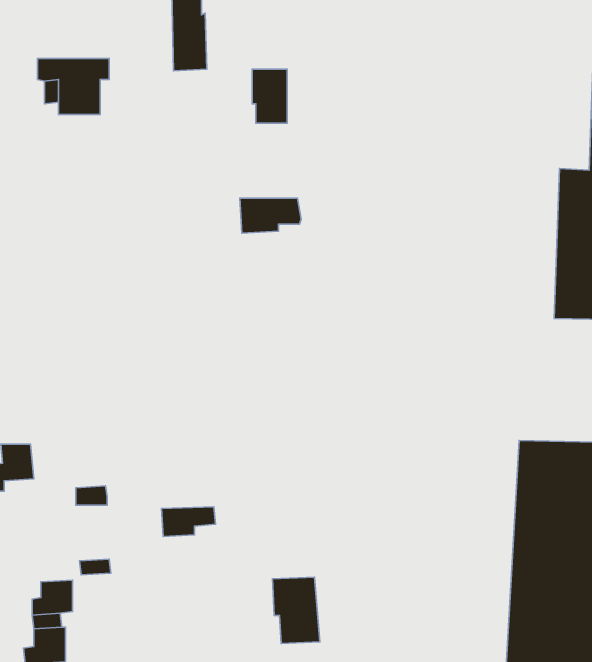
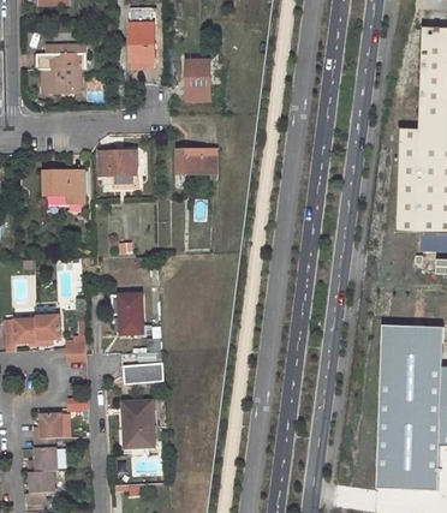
building: none -> [100,151,138,175]
building: none -> [46,168,85,193]
building: none -> [119,294,144,335]
building: none -> [34,316,60,346]
building: [273,577,320,643] -> [123,401,155,447]

